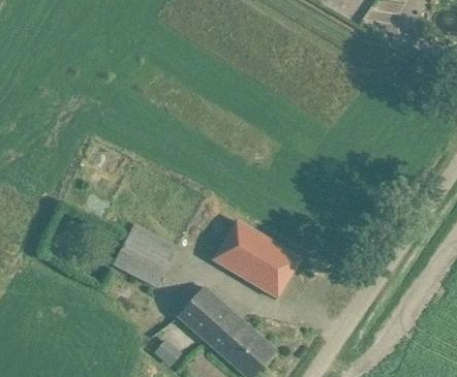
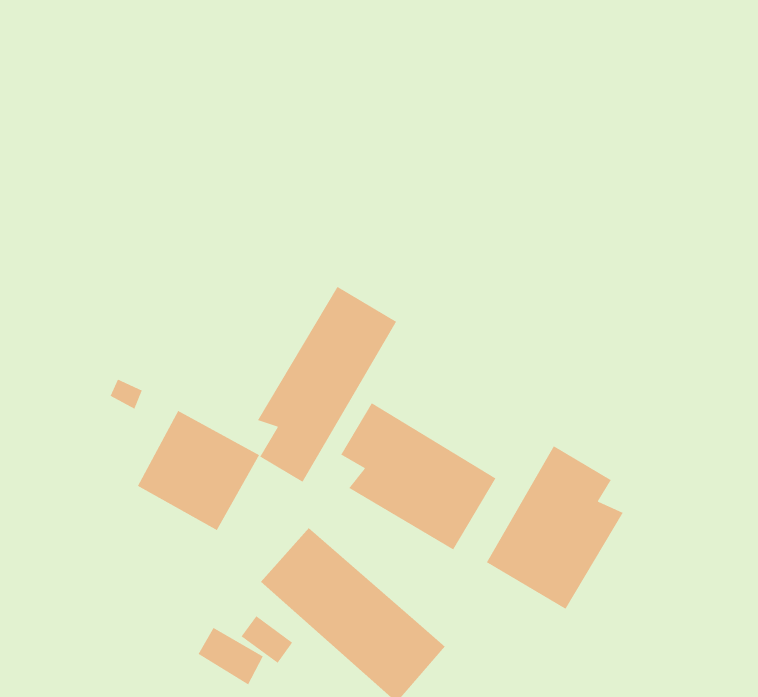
building: none -> [257,286,397,483]
building: none -> [486,445,624,610]

